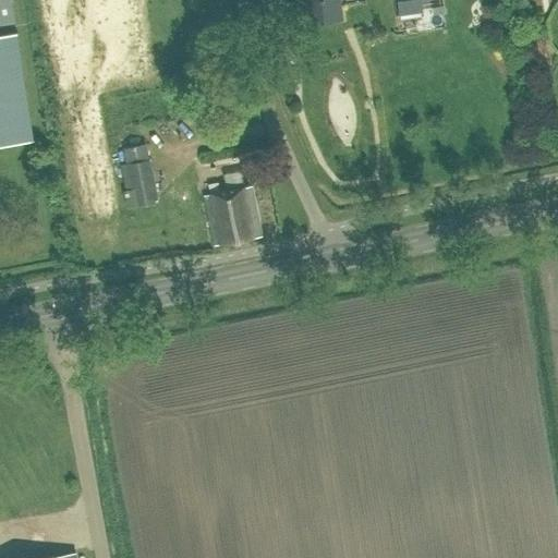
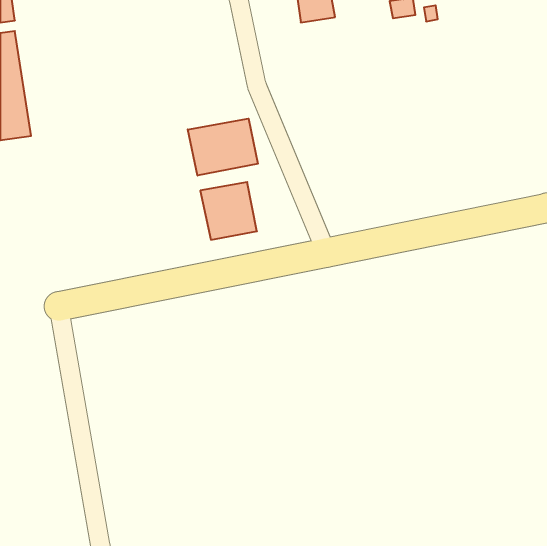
building: none -> [188,119,258,176]
building: [123,158,159,207] -> none

